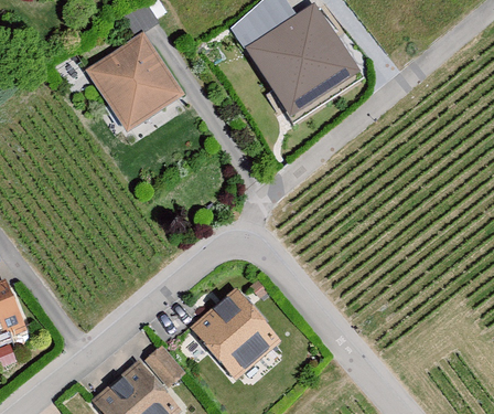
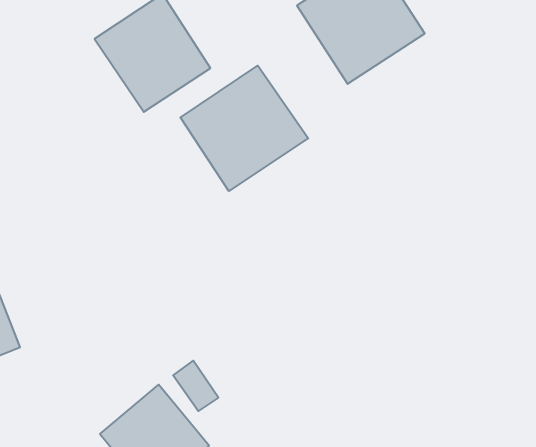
building: none -> [180,66,308,191]
building: [190,286,280,376] -> none

